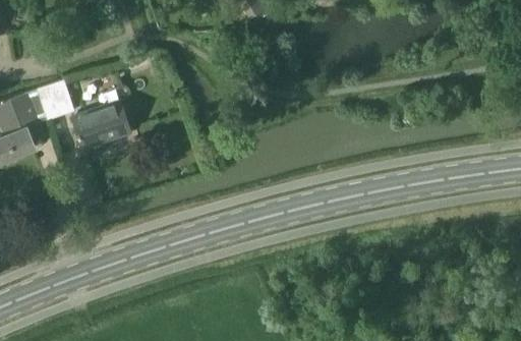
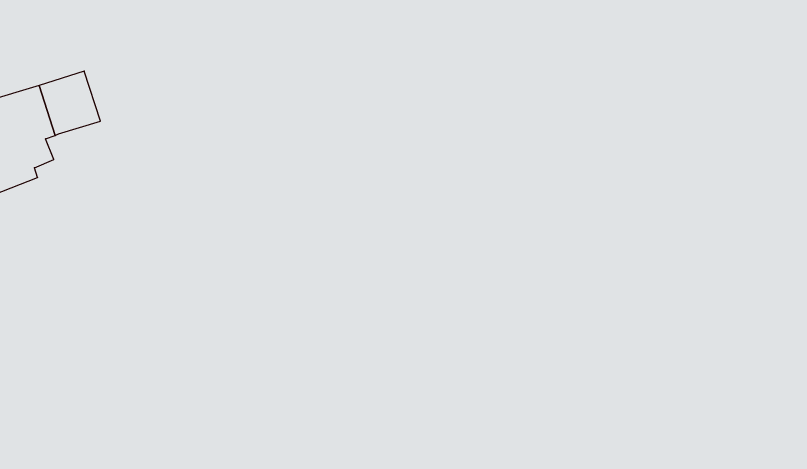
building: [71,100,127,147] -> none

